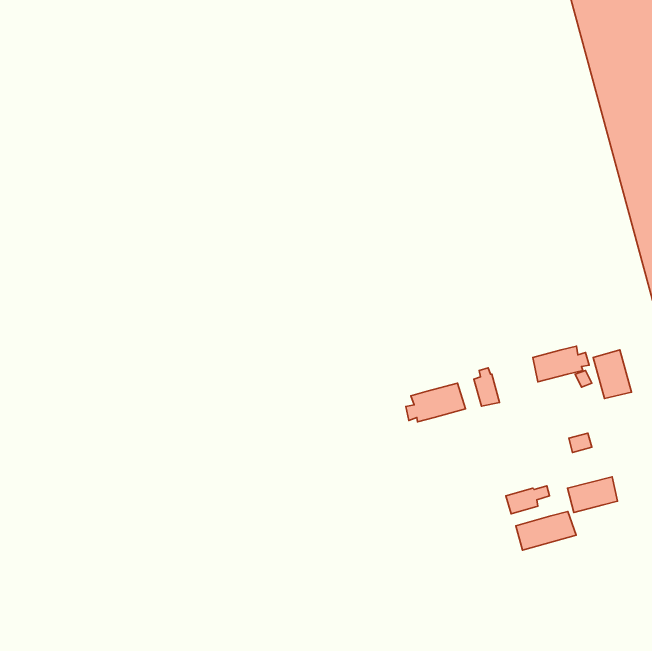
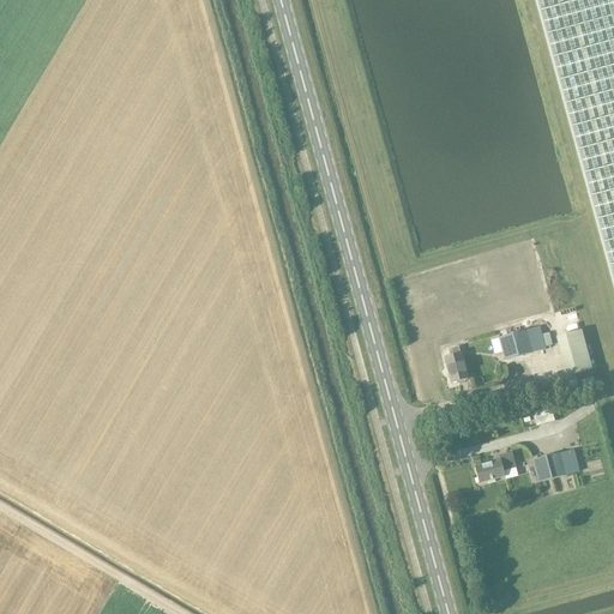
building: [406,383,466,422] -> none
building: [516,511,576,550] -> none

